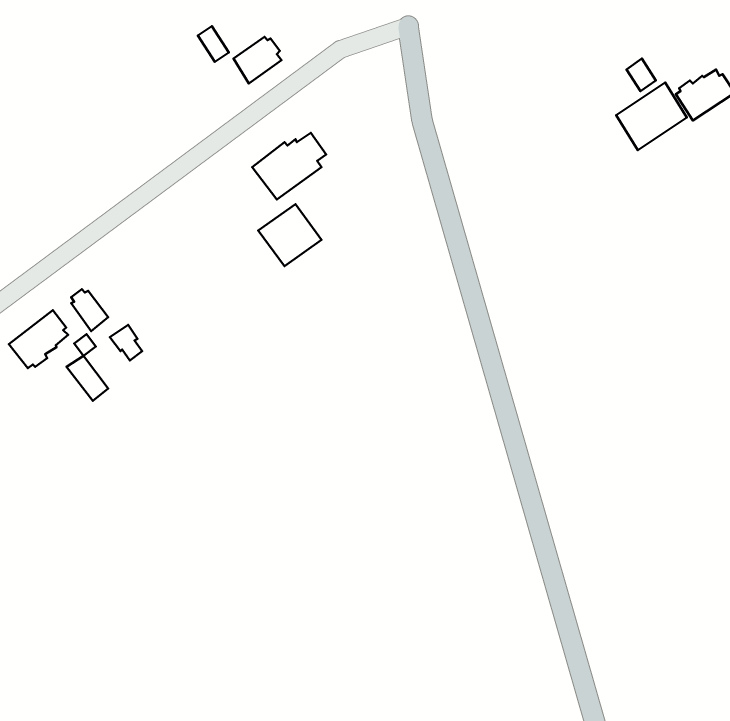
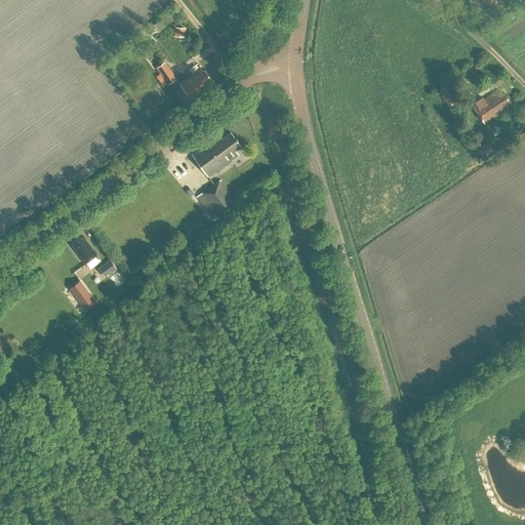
building: [616,83,687,150] -> none
building: [9,310,68,368] -> none

